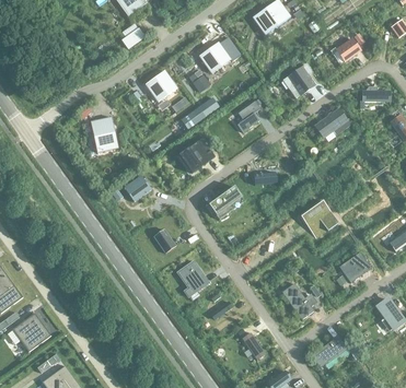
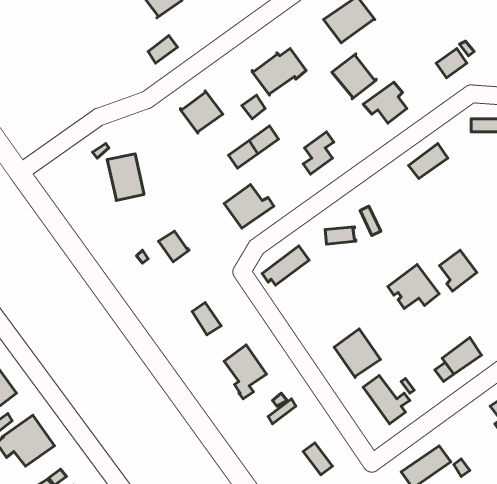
building: none -> [332,54,376,99]
building: none -> [440,250,477,291]
building: none -> [334,329,380,378]

